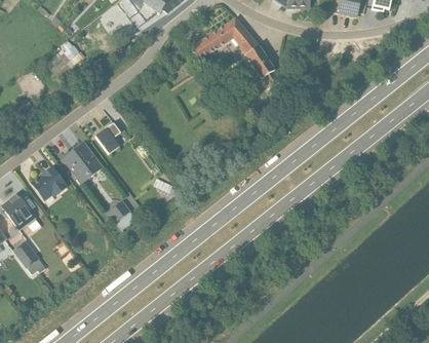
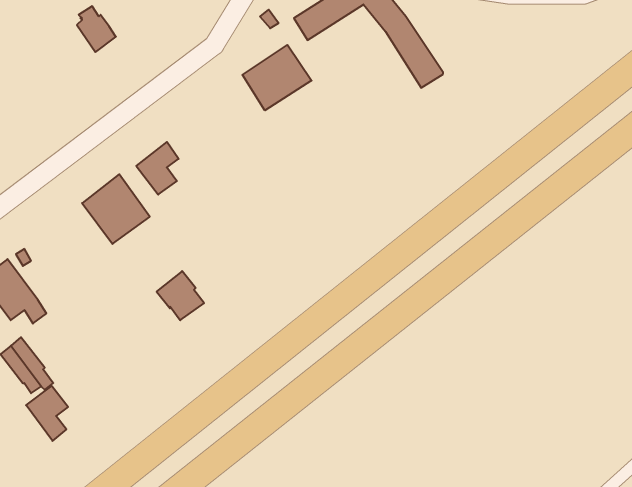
building: none -> [242,45,312,110]
building: [30,165,68,203] -> none
building: none -> [26,386,68,441]

